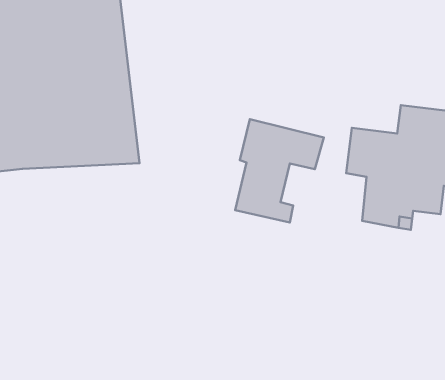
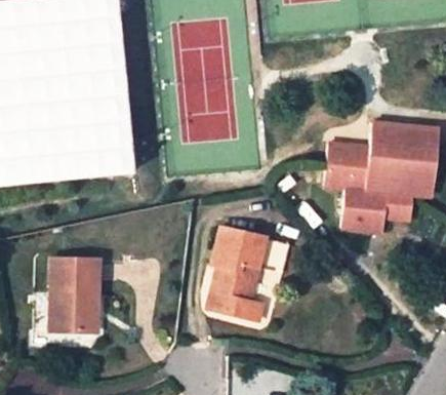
building: [235,119,324,222] -> [210,226,290,319]
building: none -> [49,260,96,332]

